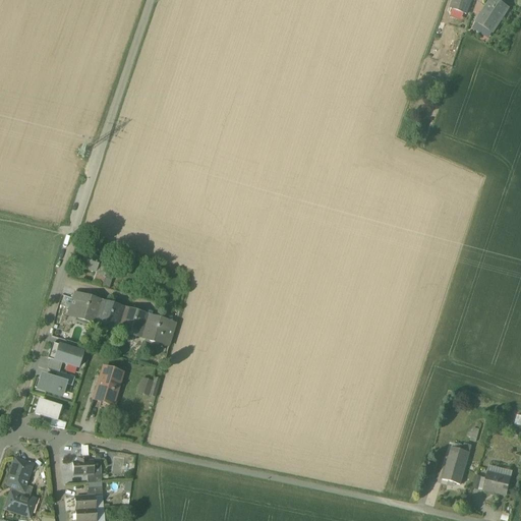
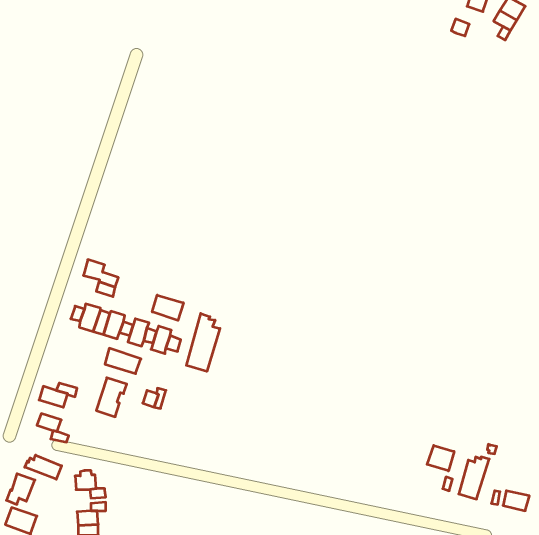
building: none -> [152,295,183,320]
building: none -> [186,313,220,371]
building: [49,340,83,364] -> [105,348,141,374]
building: none -> [427,445,454,471]
building: none -> [25,455,62,479]

